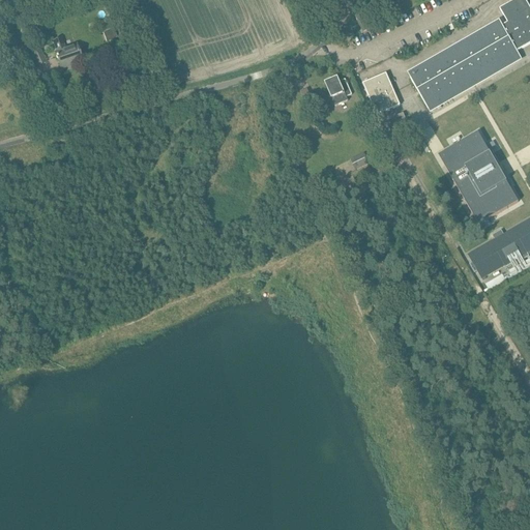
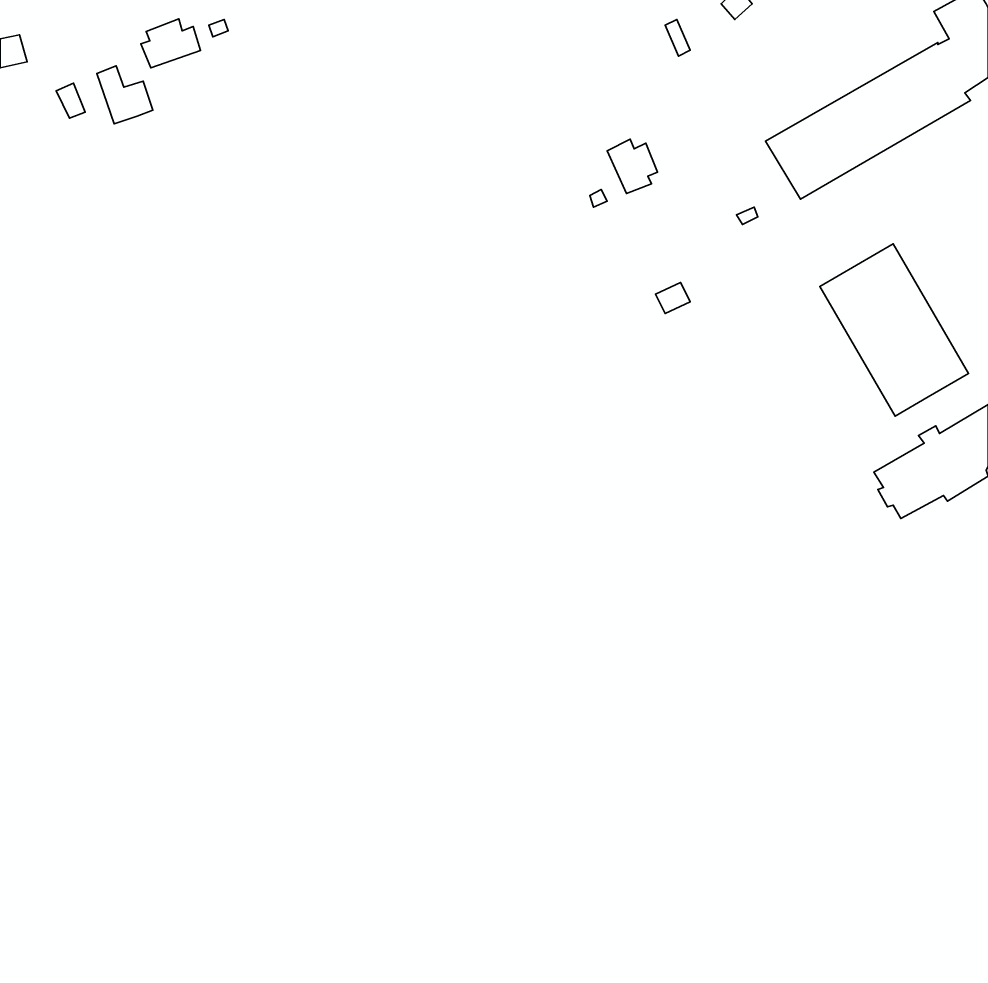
building: none -> [141,19,200,68]
building: [363,71,400,113] -> none

